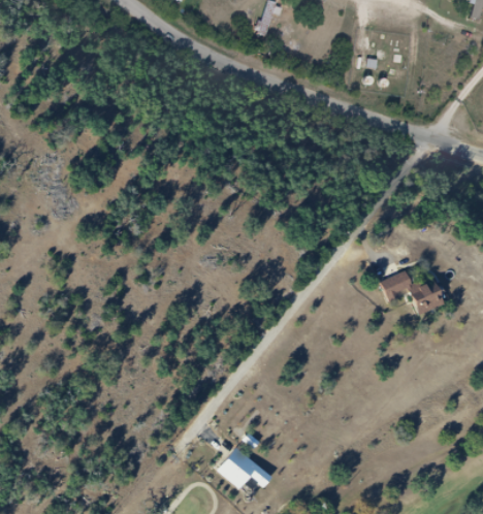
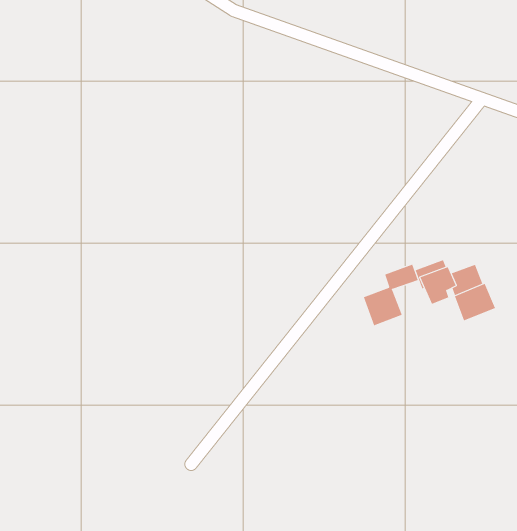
building: none -> [363,264,419,326]
building: [217,446,276,491] -> none

